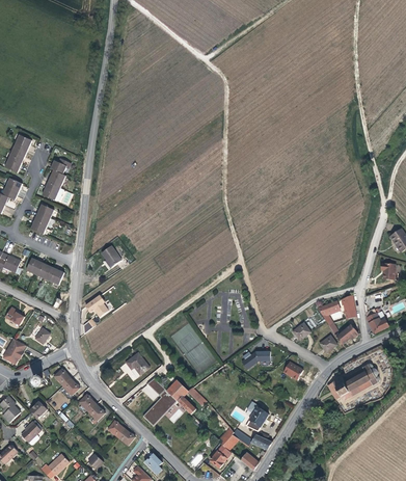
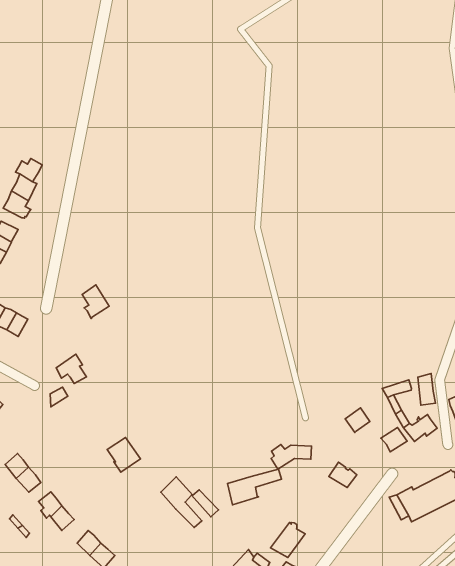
building: none -> [227,469,281,505]
building: [142,377,177,426] -> none

